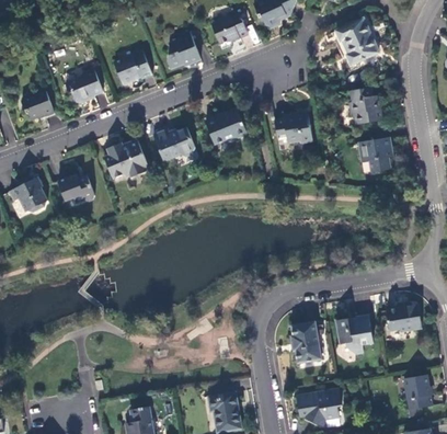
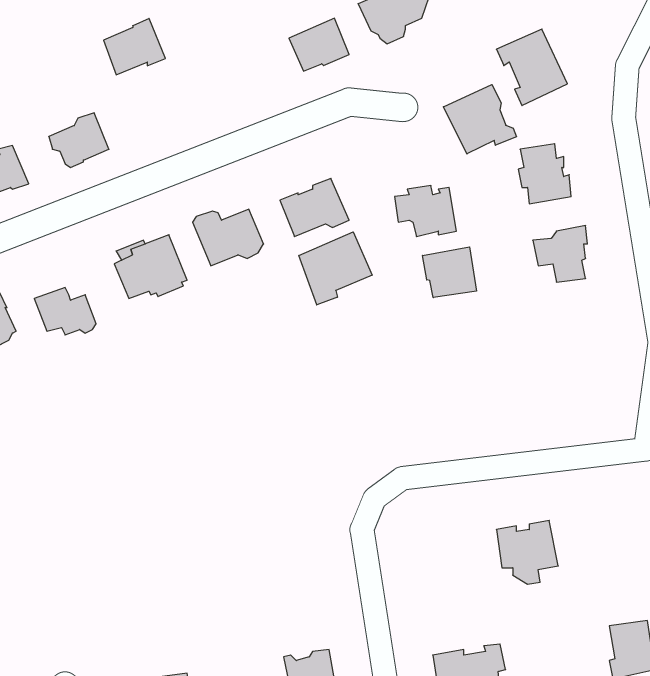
building: [165,32,199,69] -> none
building: [114,50,151,84] -> [104,18,165,75]
building: none -> [443,85,517,154]
building: none -> [299,232,372,305]
building: none -> [423,247,476,298]
building: [386,305,421,333] -> none
building: [289,322,321,363] -> none

